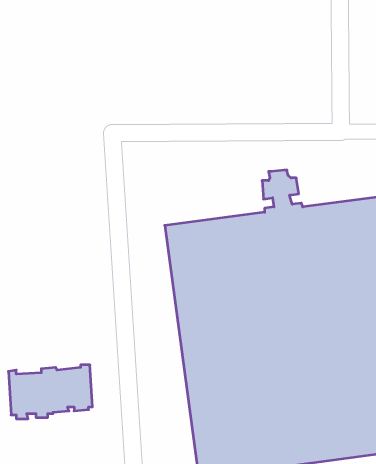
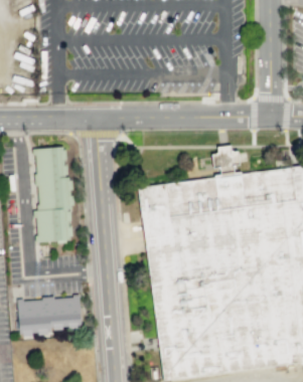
building: none -> [31,146,75,242]

